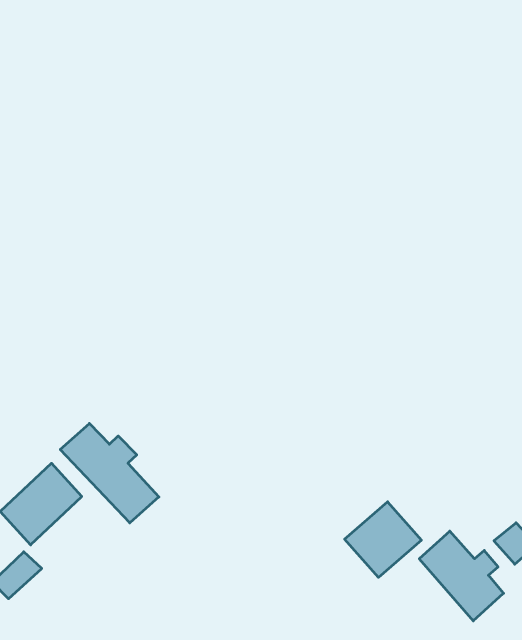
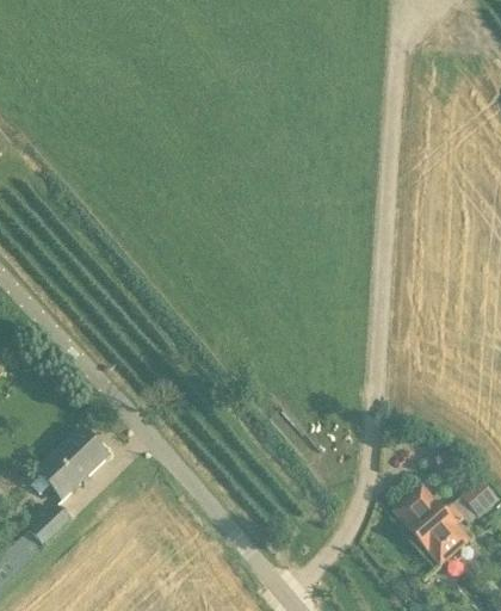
building: [60,423,159,523] -> none
building: [345,502,421,577] -> none

